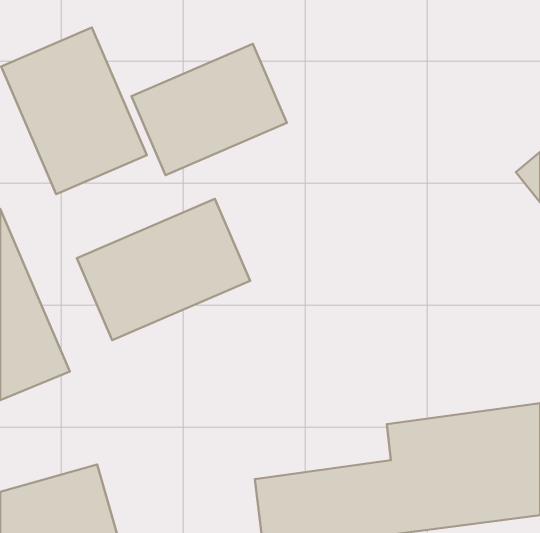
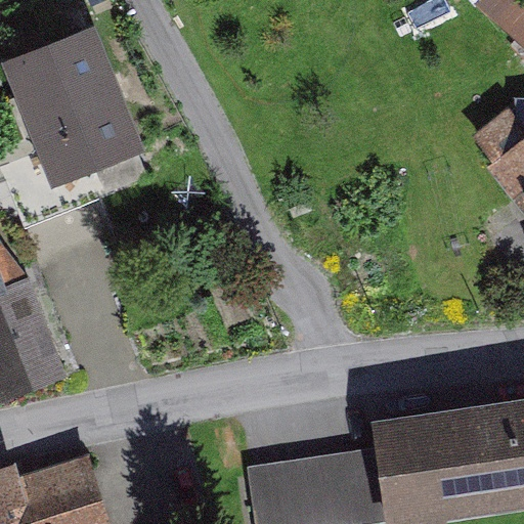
building: [131,44,287,175] -> none
building: [77,199,250,340] -> none

